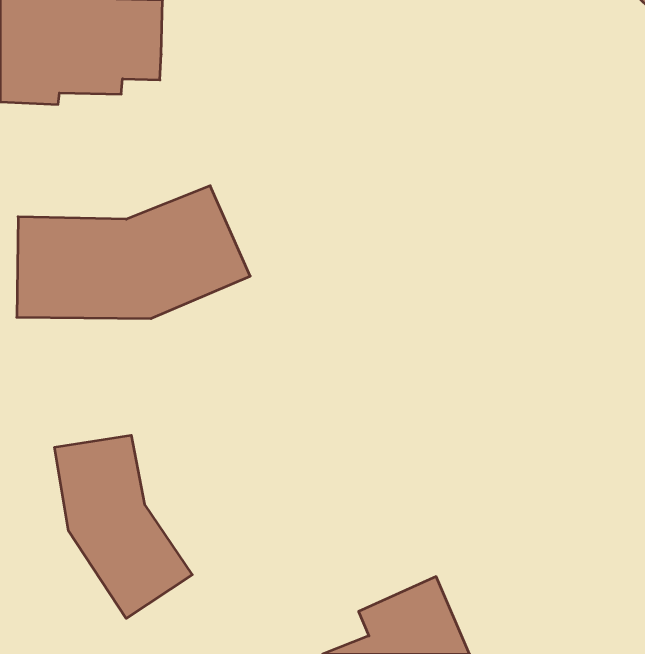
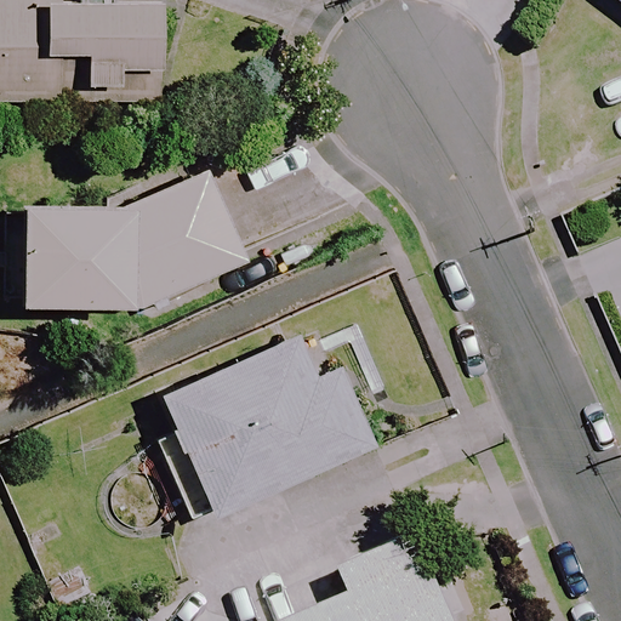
building: none -> [155,327,371,524]
building: [55,435,192,618] -> none

